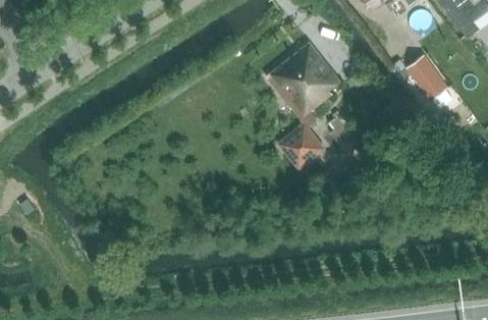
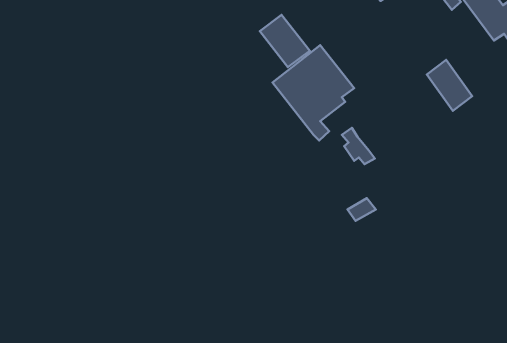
building: none -> [260,15,310,67]
building: [279,122,323,166] -> none

